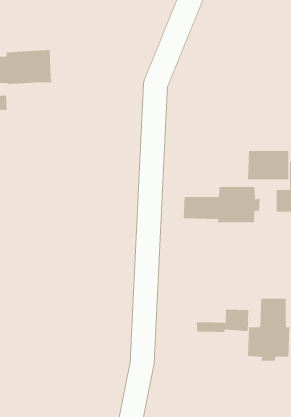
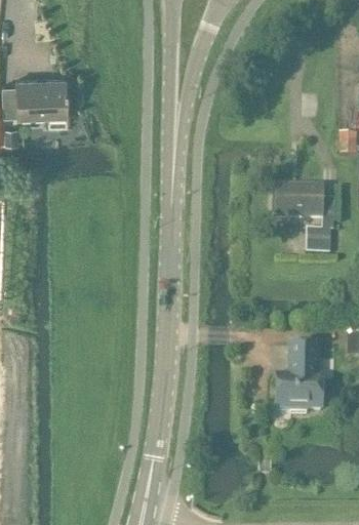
building: [183,186,260,223] -> none
building: [196,309,249,333] -> none

